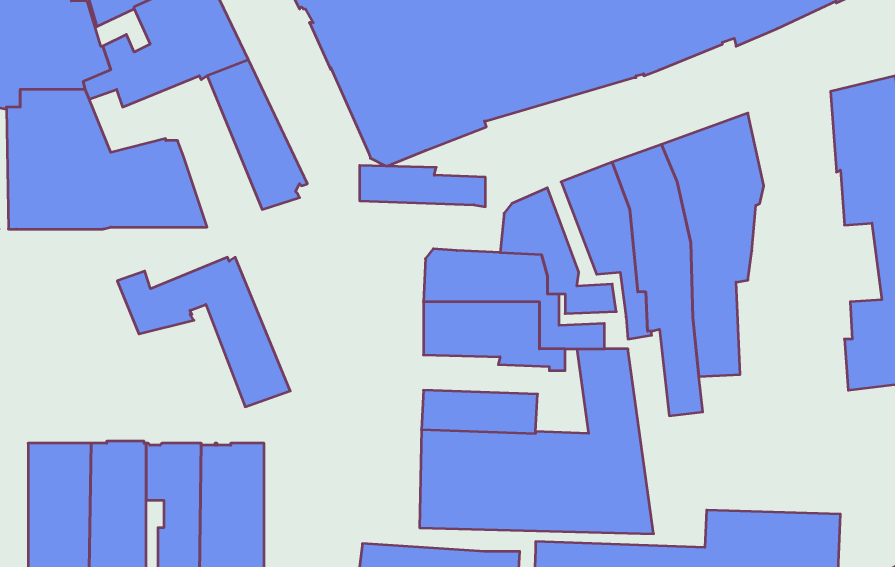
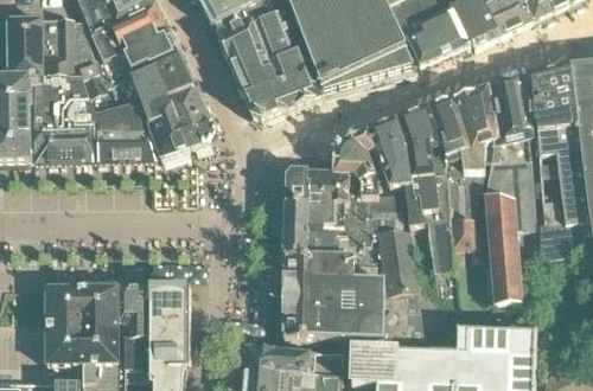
building: none -> [485,75,534,301]
building: [360,165,485,207] -> [285,232,361,257]
building: [117,257,290,407] -> [83,64,187,154]

